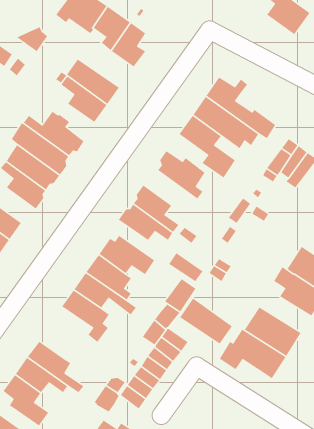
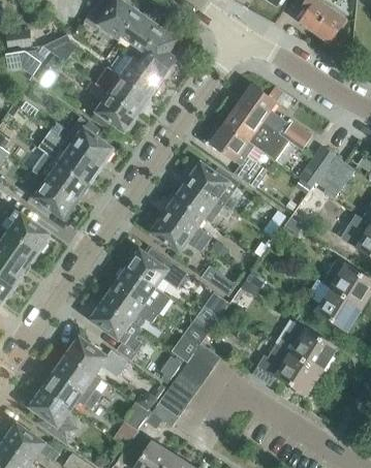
building: none -> [106,49,164,96]
building: none -> [174,181,231,222]
building: [179,298,233,344] -> none
building: none -> [67,337,125,375]

